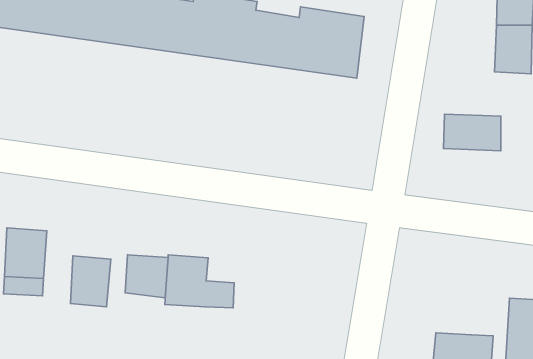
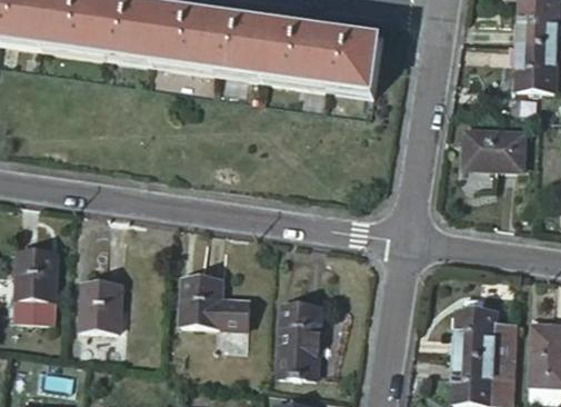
building: [125,255,168,298] -> none
building: none -> [457,297,518,357]
building: none -> [279,314,322,364]

